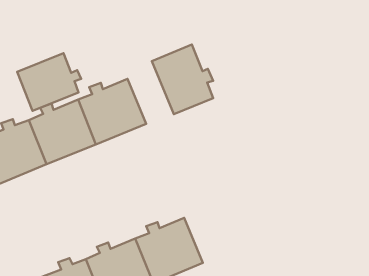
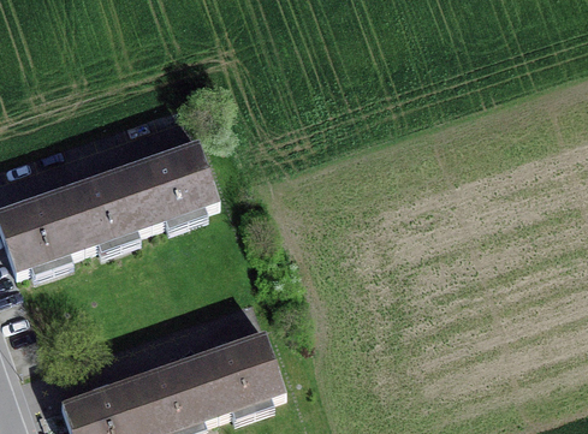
building: [152,44,213,114] -> none
building: [17,53,81,111] -> none

